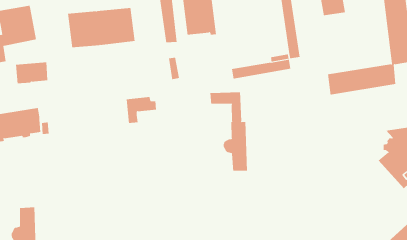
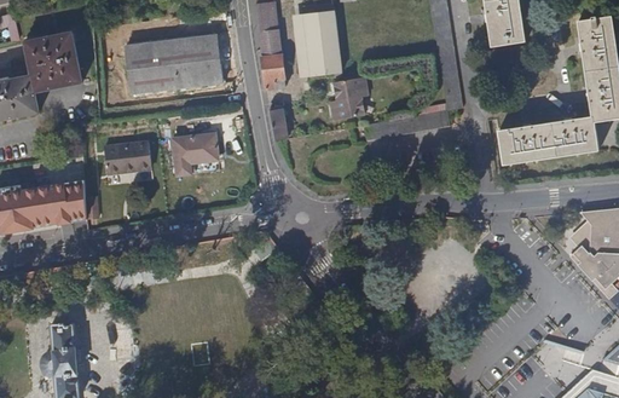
building: none -> [329,76,365,120]
building: [15,62,48,84] -> [105,140,152,172]
building: [210,91,248,172] -> none
building: [126,97,157,123] -> [174,137,219,175]

